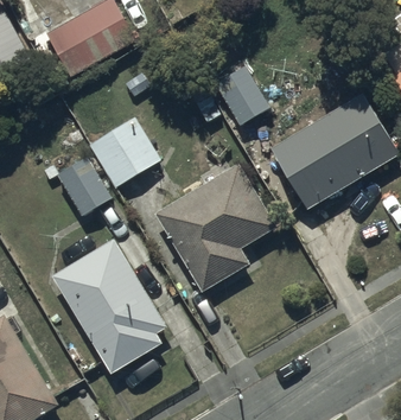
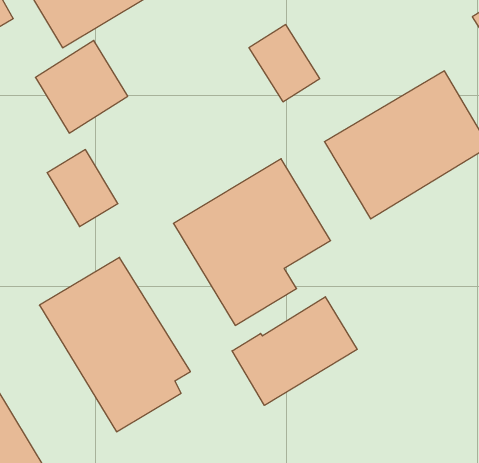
building: [89,116,160,187] -> [35,40,128,133]
building: none -> [232,297,357,405]

